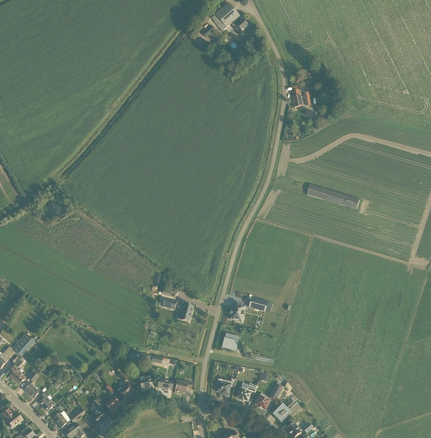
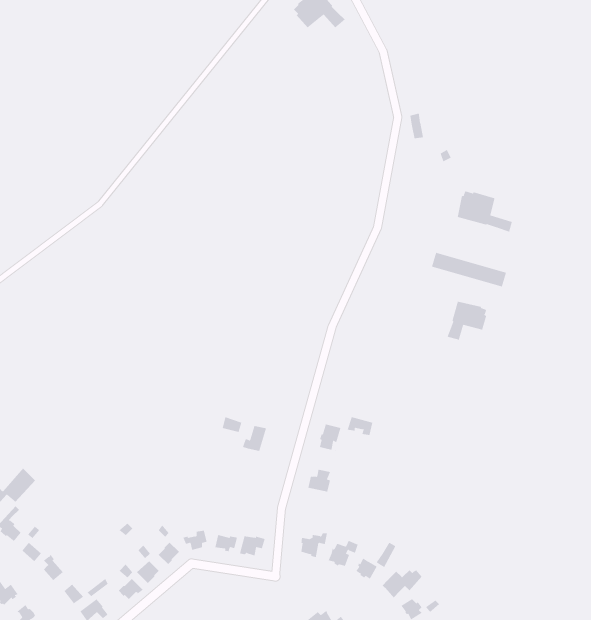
building: none -> [457,190,513,232]
building: none -> [447,301,487,341]

